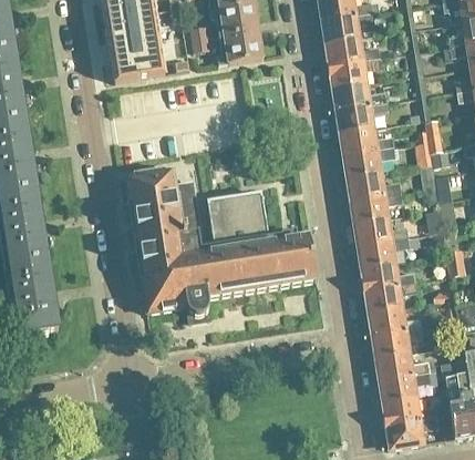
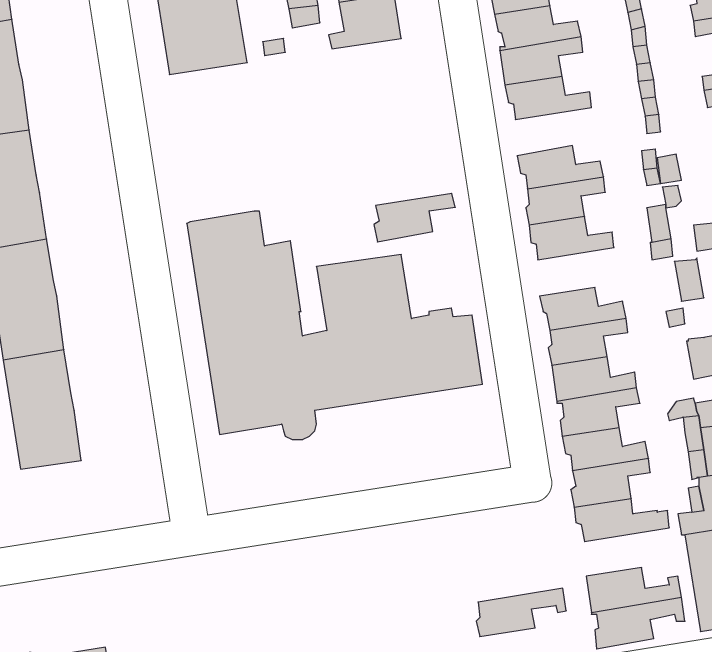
building: [335,102,388,133] -> [374,193,455,242]
building: [351,192,402,223] -> none
building: [380,371,437,402] -> [476,588,566,637]

